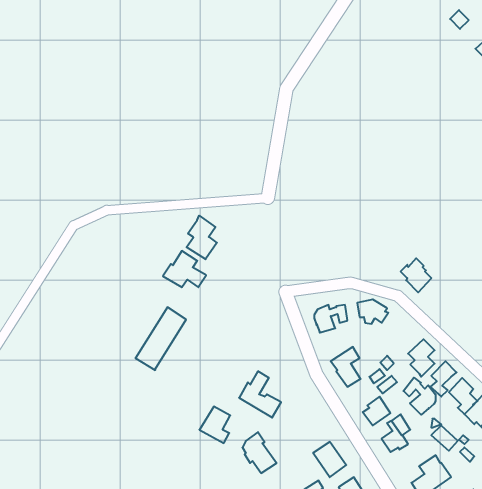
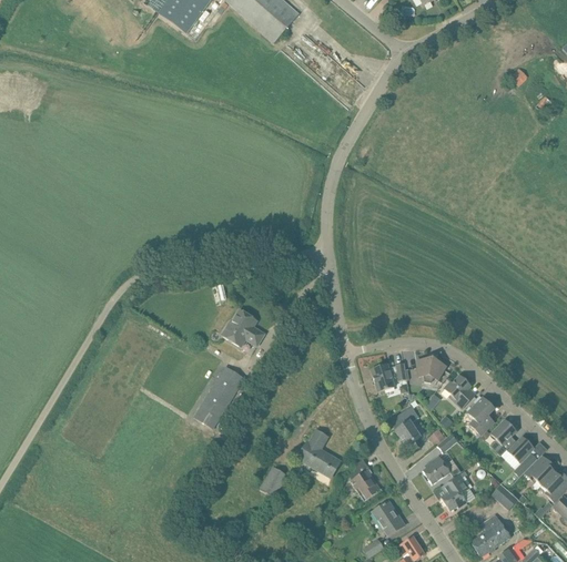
building: [187,216,217,259] -> none
building: [401,258,431,292] -> [444,374,475,408]
building: [403,378,436,415] -> none
building: [242,432,277,473] -> [347,458,382,499]

